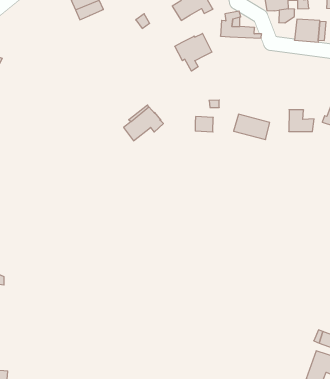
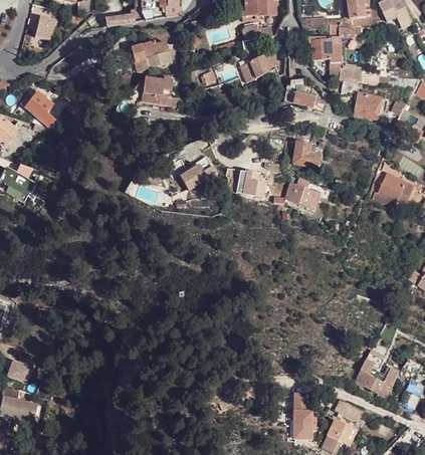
building: none -> [142,80,176,108]
building: [175,33,212,71] -> none
building: [289,110,314,132] -> [293,143,320,167]
building: none -> [291,394,317,437]

